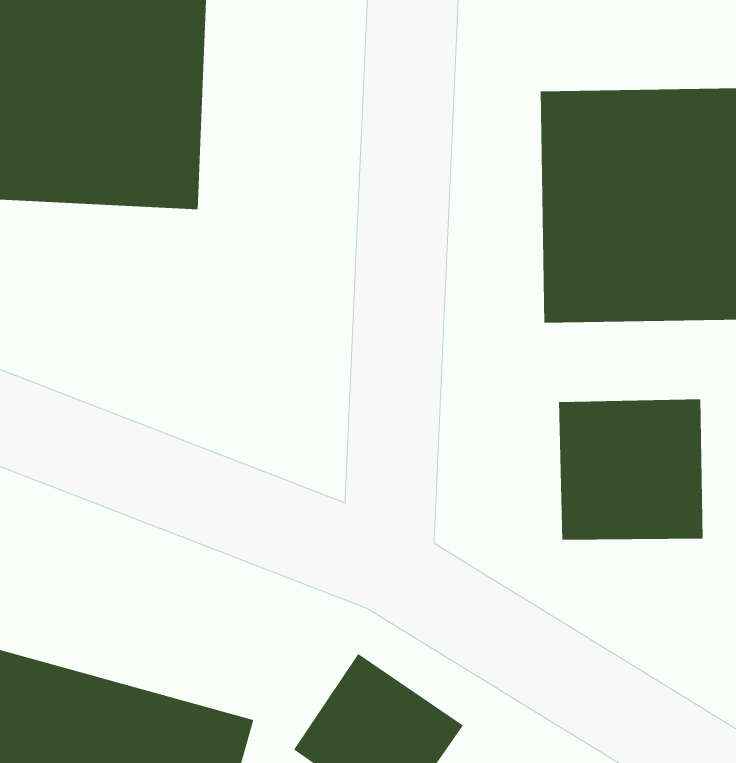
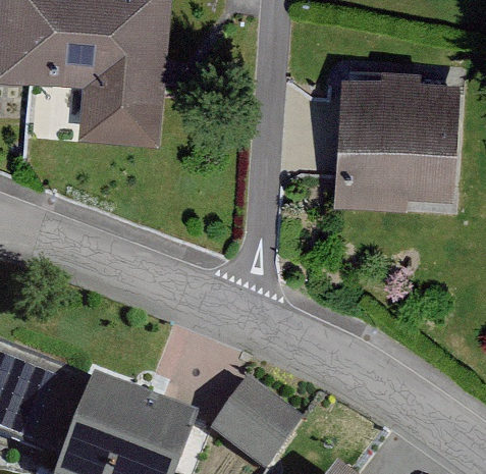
building: [558,398,703,540] -> none

